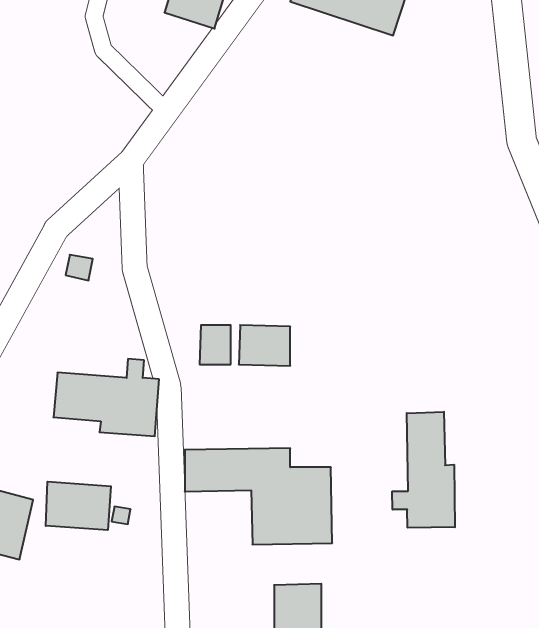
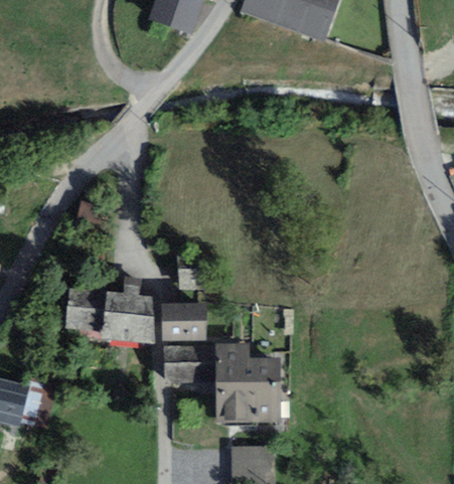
building: [239,325,290,366] -> [164,303,202,333]
building: [392,412,455,528] -> none
building: [46,482,111,530] -> none

